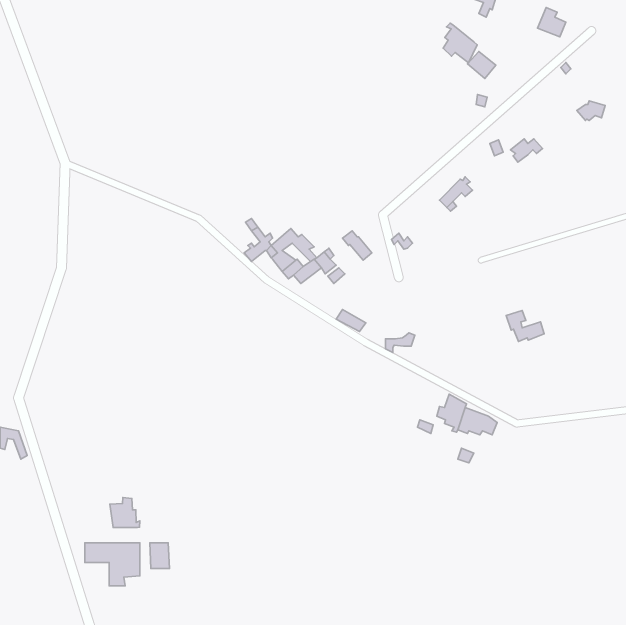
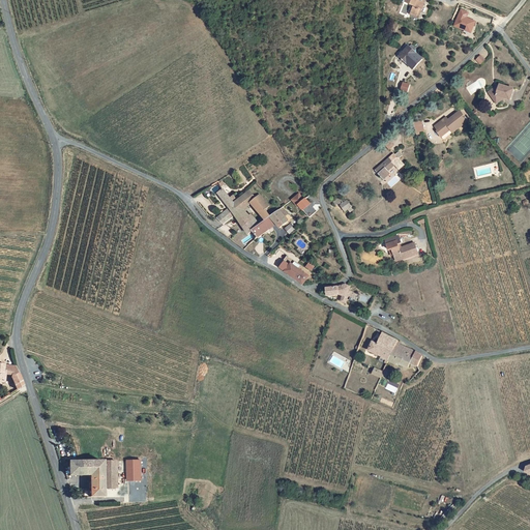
building: [443,23,477,63] -> none
building: [506,311,544,341] -> [385,233,417,259]
building: [110,498,140,528] -> none

